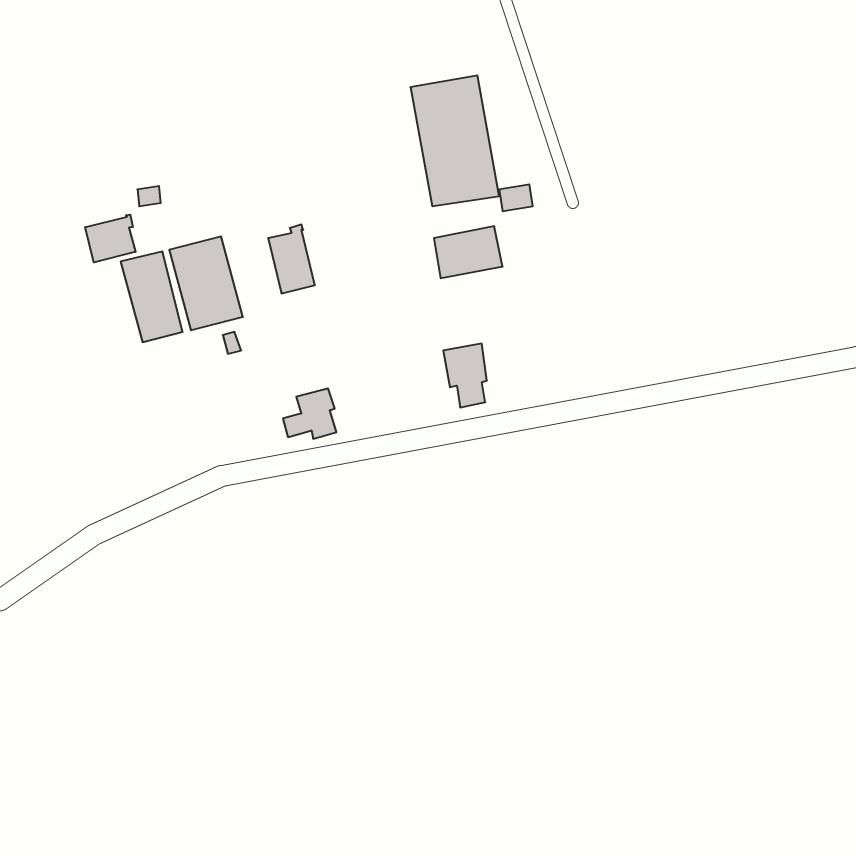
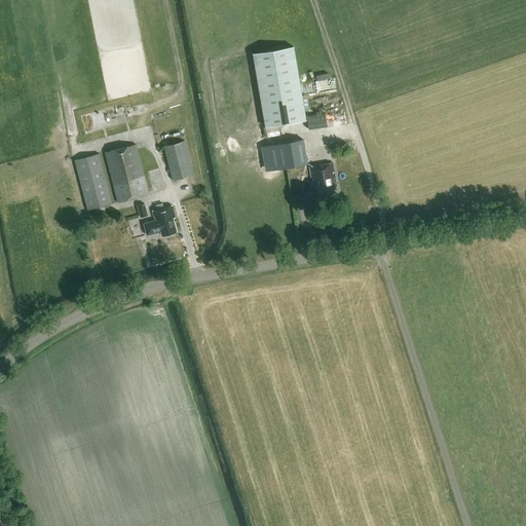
building: [85,215,136,262] -> none
building: [443,344,487,407] -> [309,163,336,202]
building: [283,388,336,439] -> [143,206,176,237]

